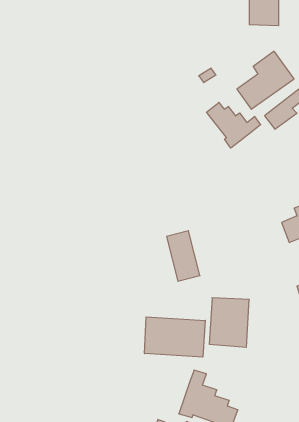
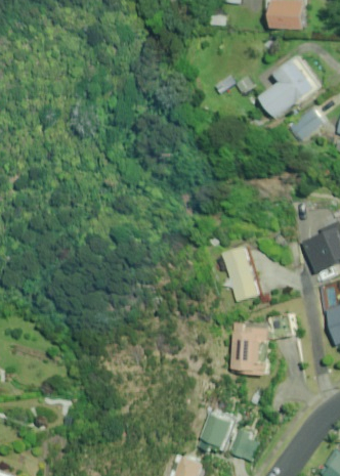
building: [207,102,261,148] -> none
building: [167,231,200,281] -> [223,247,259,301]
building: [145,317,205,357] -> none

